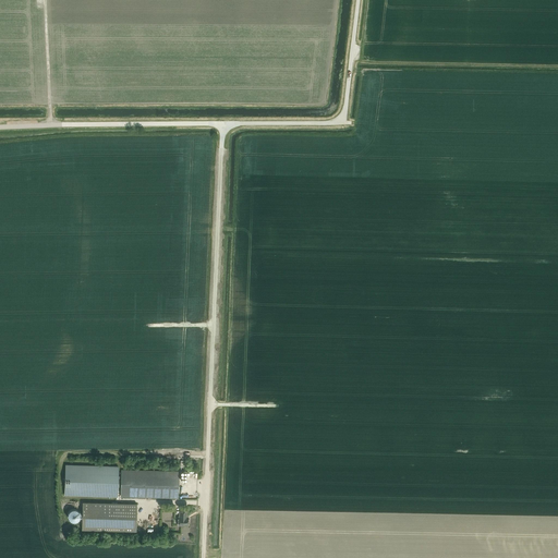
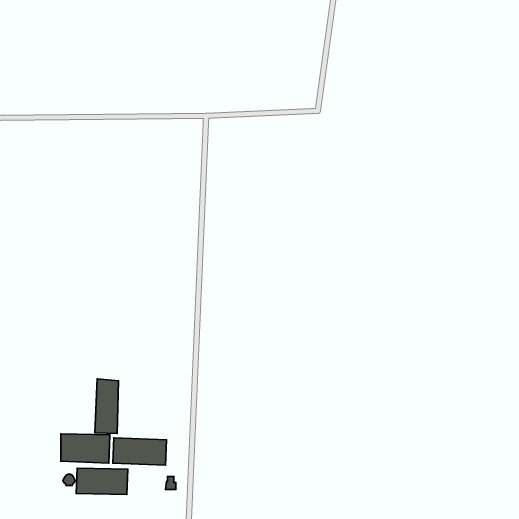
building: none -> [95,379,119,434]

